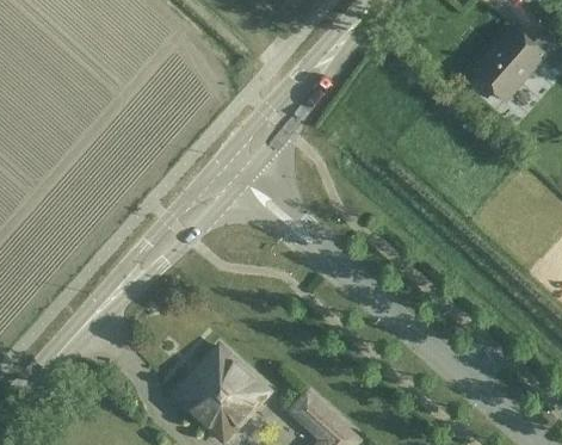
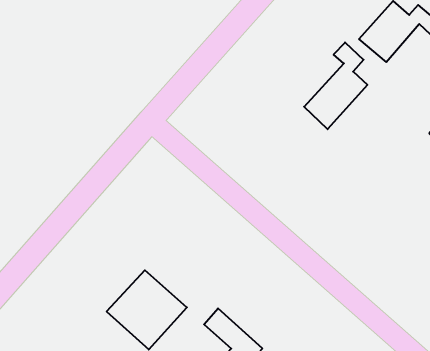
building: none -> [304,42,367,129]

